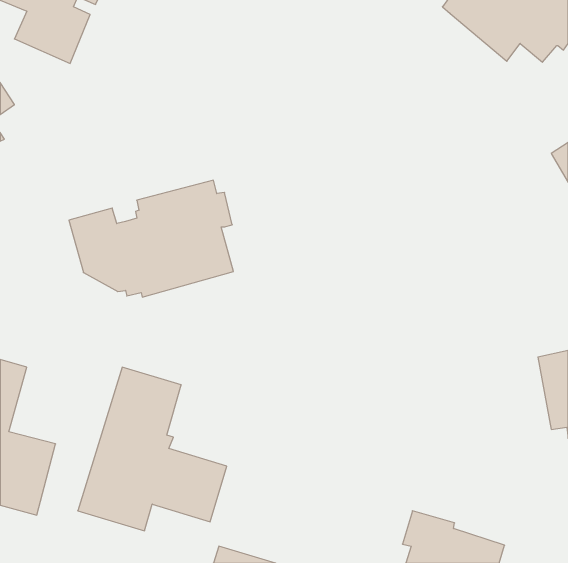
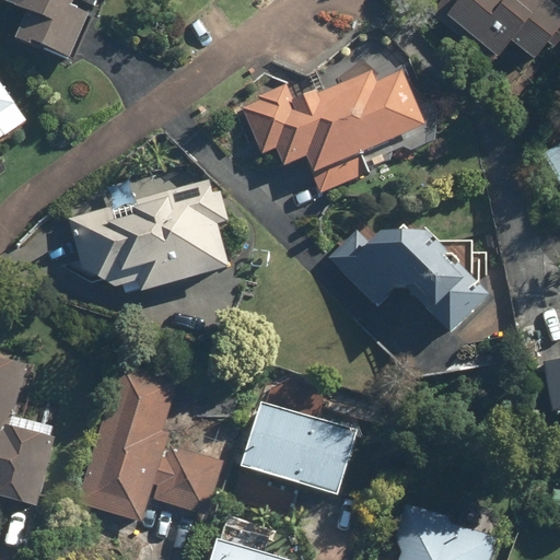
building: none -> [242,68,425,191]
building: none -> [328,228,490,334]
building: none -> [240,400,358,498]

